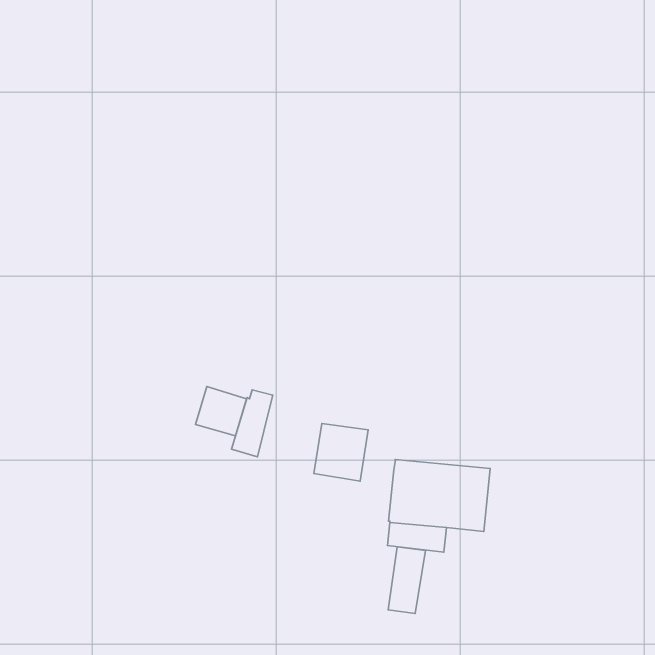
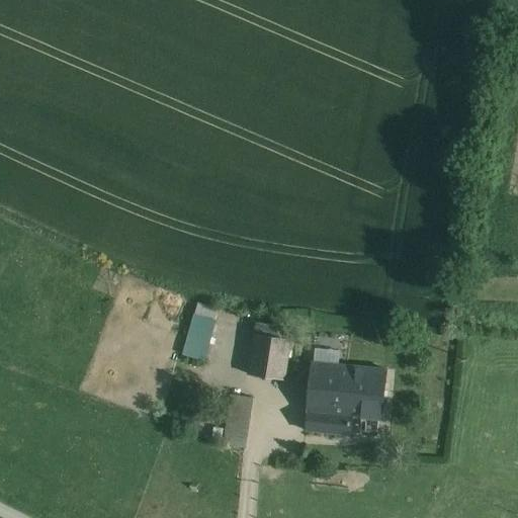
building: [196,387,247,436] -> none
building: [388,547,425,614] -> [223,394,252,446]

